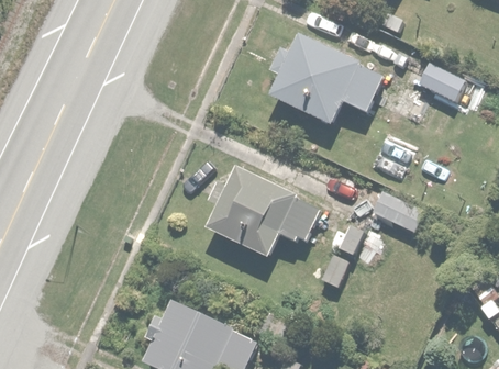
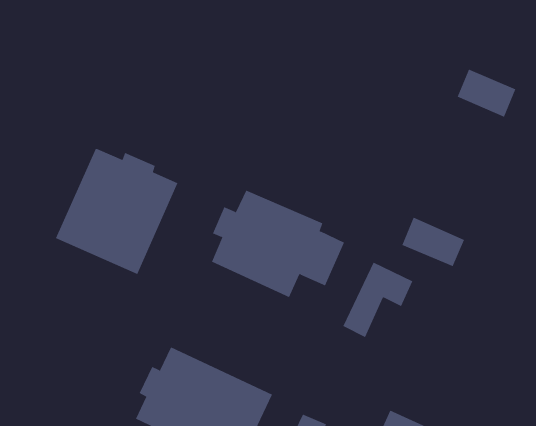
building: [269,36,381,124] -> none
building: none -> [55,148,178,275]

